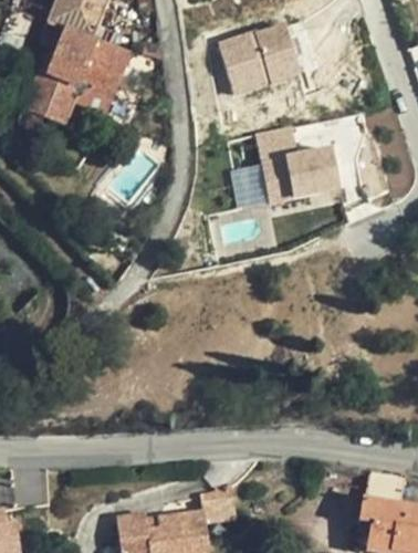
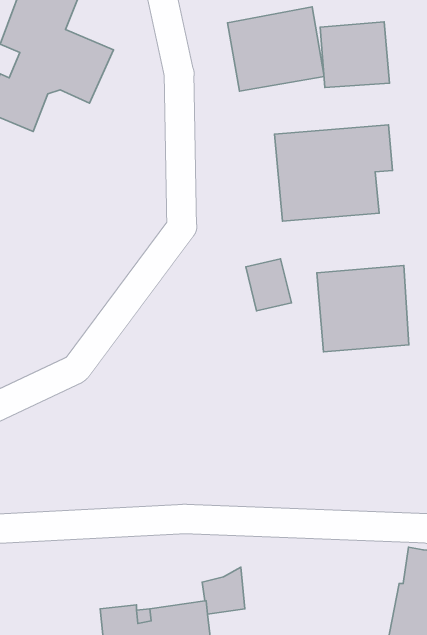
building: none -> [320,22,389,87]
building: [232,164,270,207] -> [246,259,291,311]
building: none -> [317,266,409,352]

